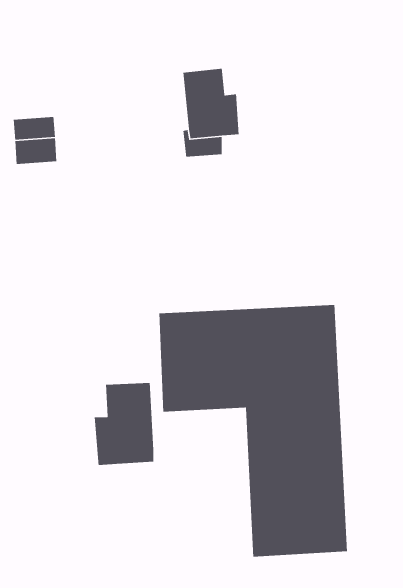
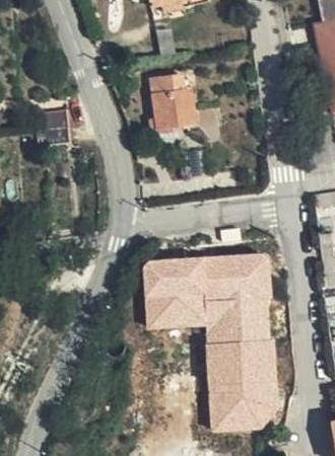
building: [94,382,154,466] -> none

